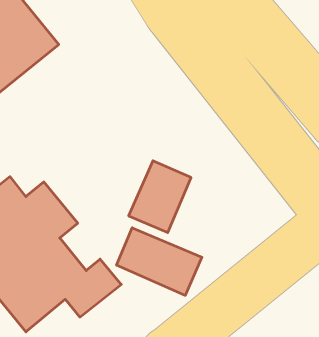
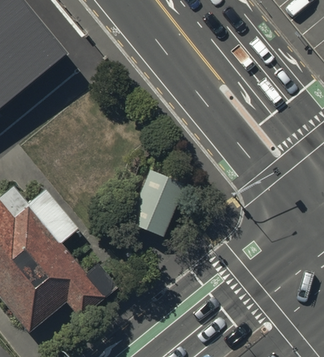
building: [117,228,202,295] -> none

